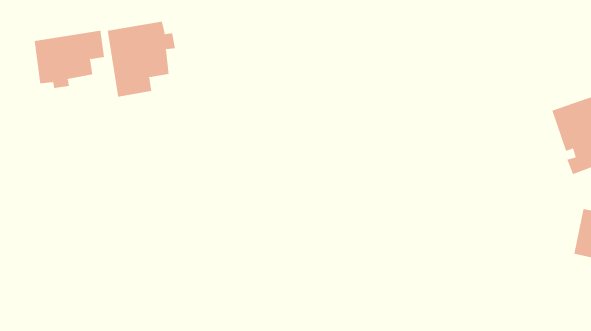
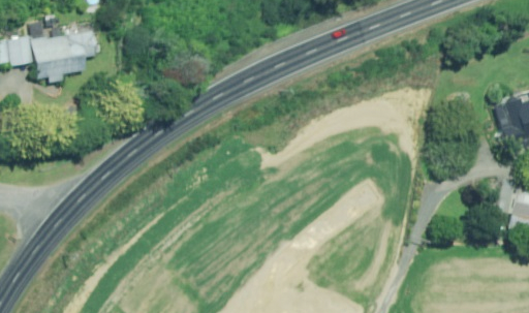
building: [107,21,175,98] -> none
building: none -> [9,36,31,65]

